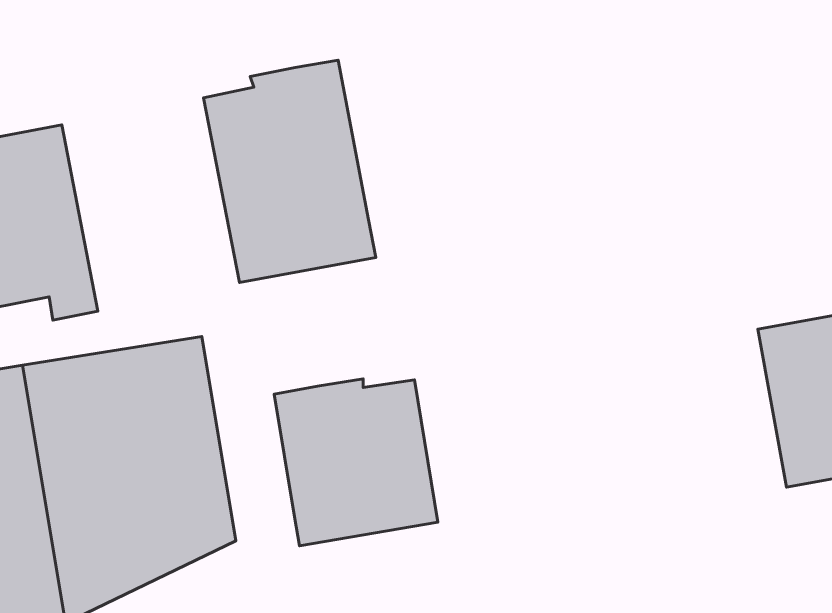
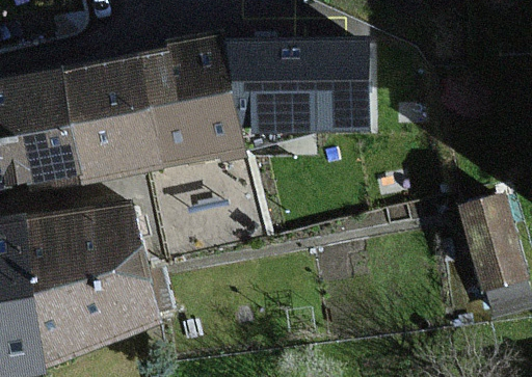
building: none -> [217,38,368,132]
building: none -> [57,61,160,185]
building: [274,379,438,546] -> none

